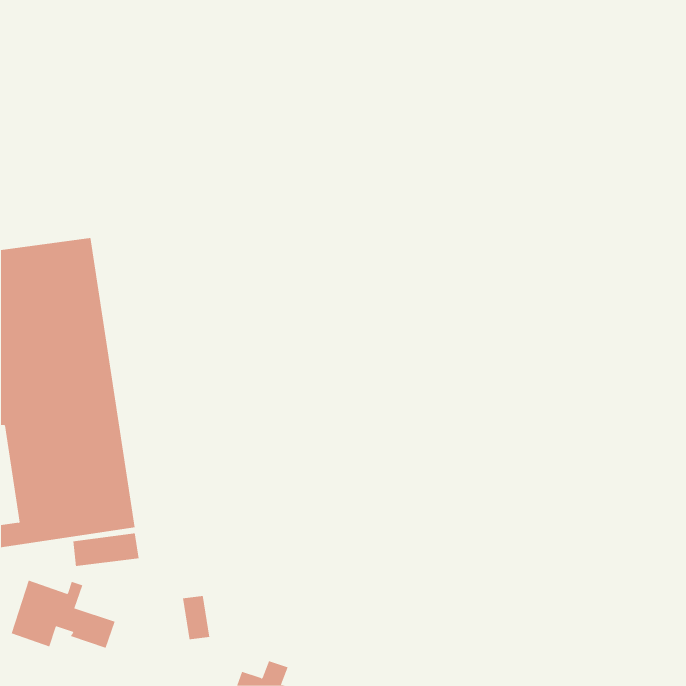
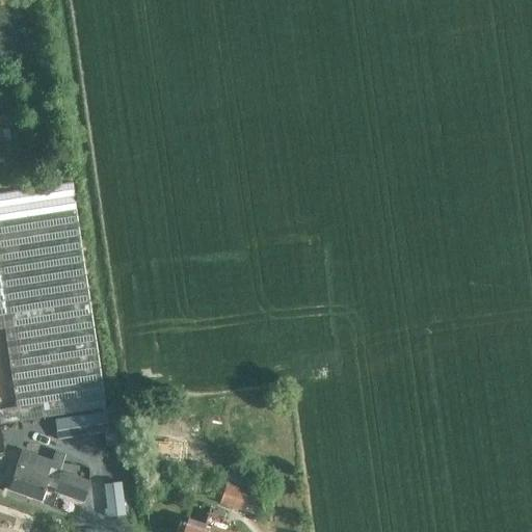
building: [182,596,210,640] -> [103,483,125,517]
building: none -> [219,482,250,509]

